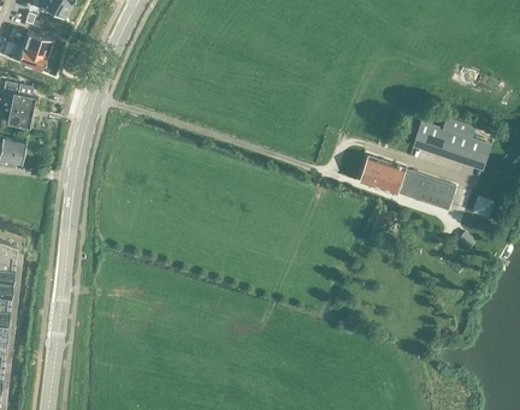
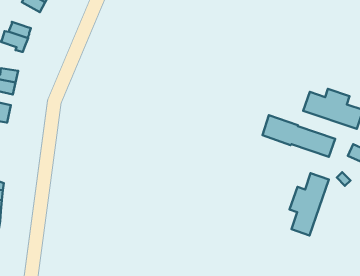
building: none -> [290,173,329,236]

